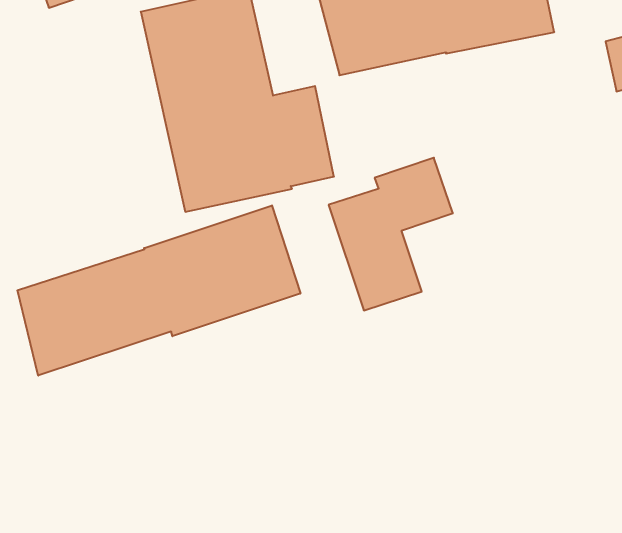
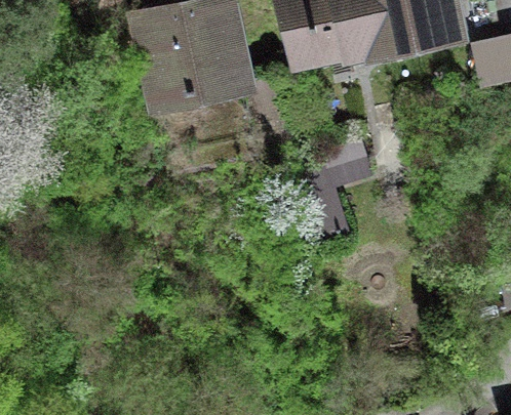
building: [17,205,300,376] -> none

